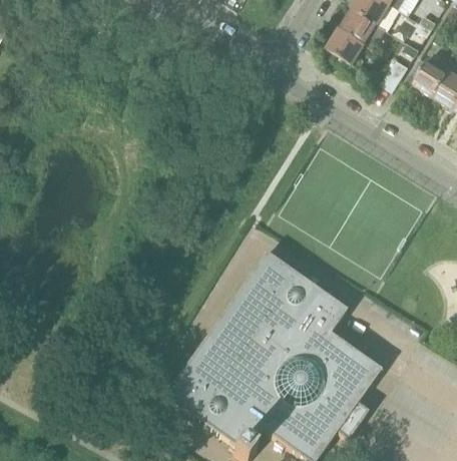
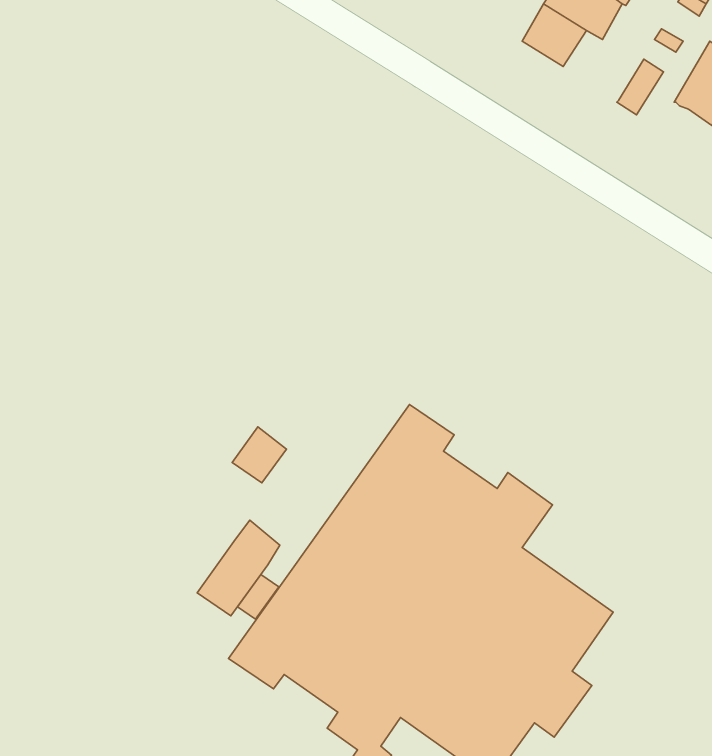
building: none -> [232,427,286,483]
building: none -> [197,520,280,616]

